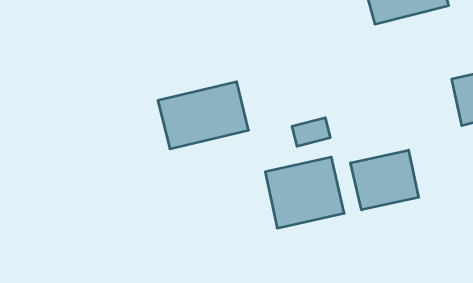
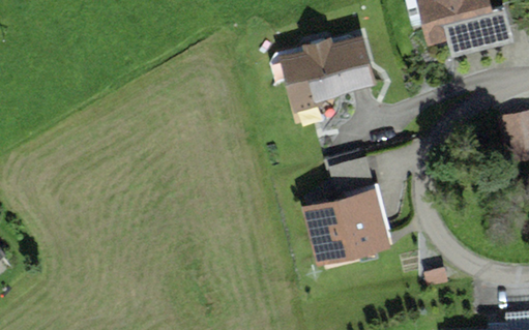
building: [158,82,249,149] -> [280,33,375,103]
building: [351,150,419,210] -> none

